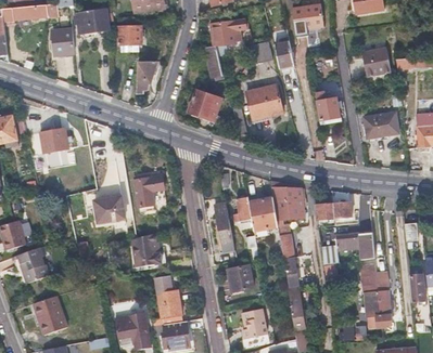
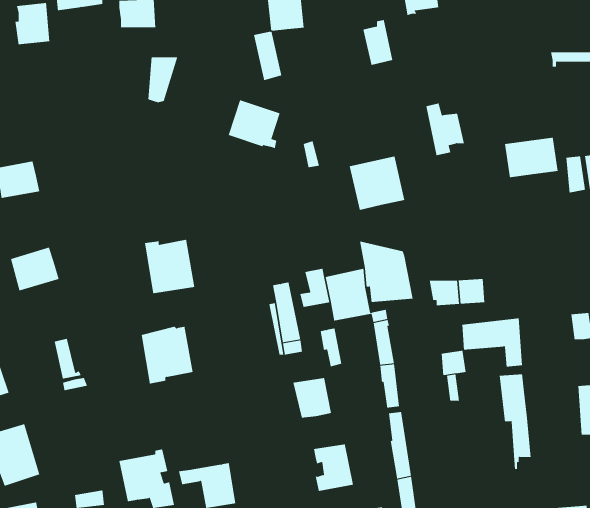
building: [362,47,392,76] -> none
building: [247,91,283,126] -> [349,156,405,210]
building: [91,193,123,221] -> [10,247,60,291]
building: [370,272,392,328] -> none
building: [155,274,183,324] -> none

